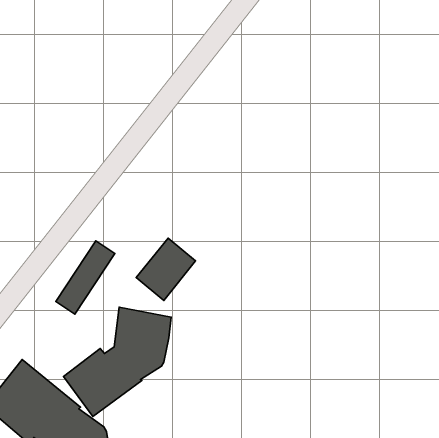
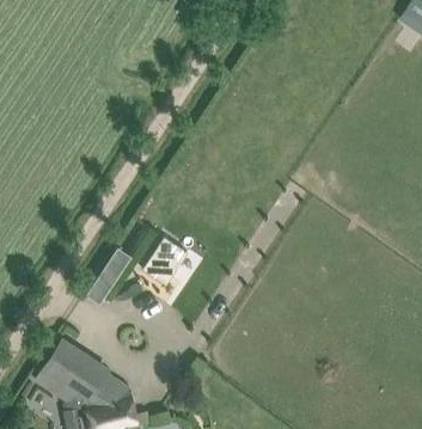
building: [63,307,171,416] -> none

